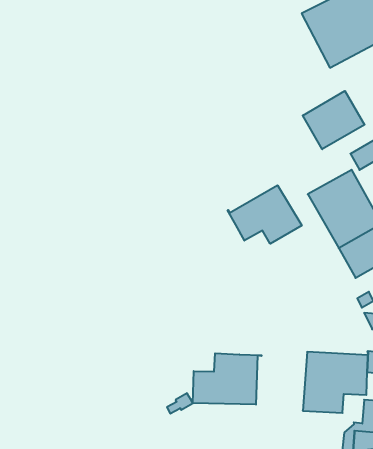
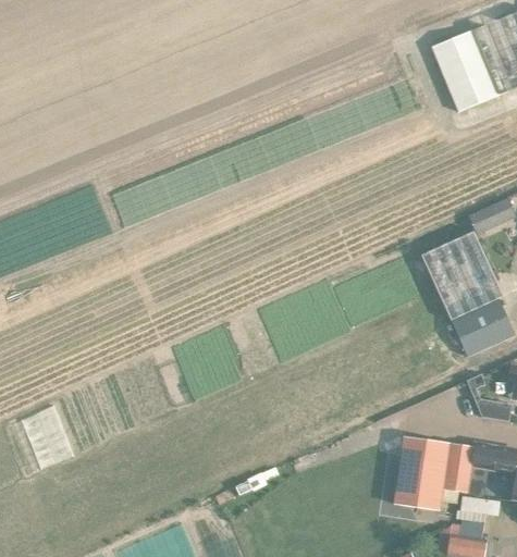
building: [303,91,365,149] -> none
building: [228,185,302,244] -> none
building: [193,353,262,405] -> none

